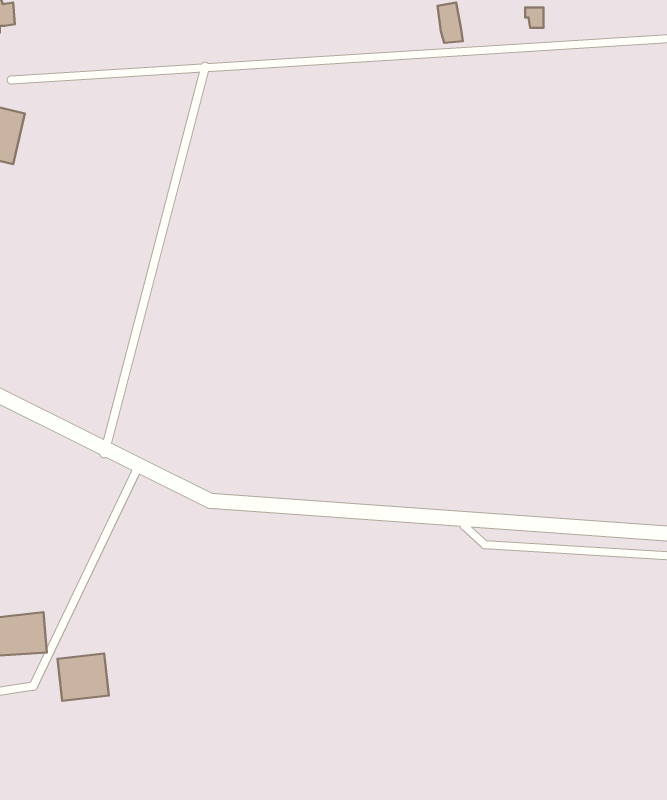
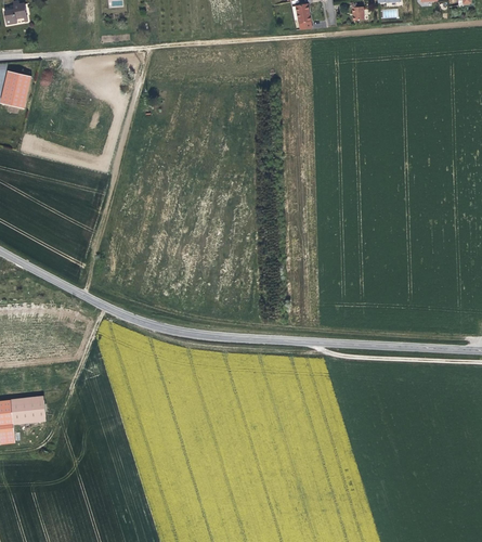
building: [58,653,109,701] -> none

